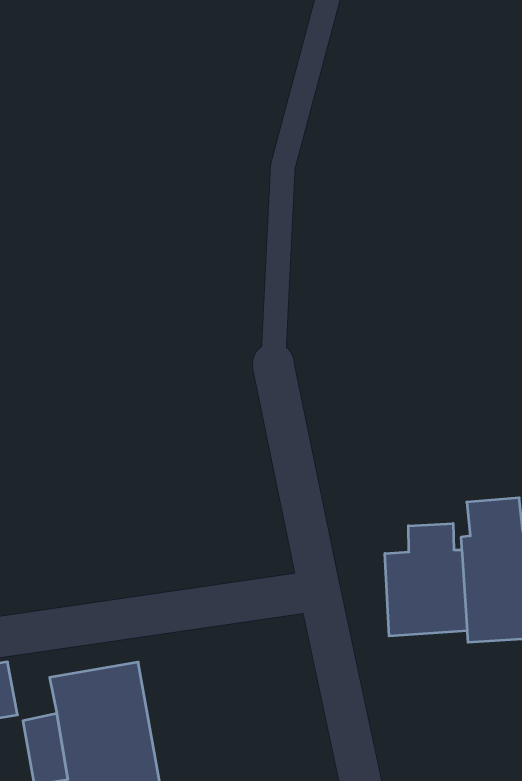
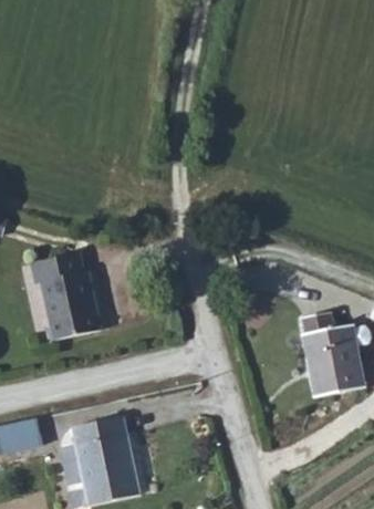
building: none -> [32,266,106,351]
building: [385,523,467,636] -> none

